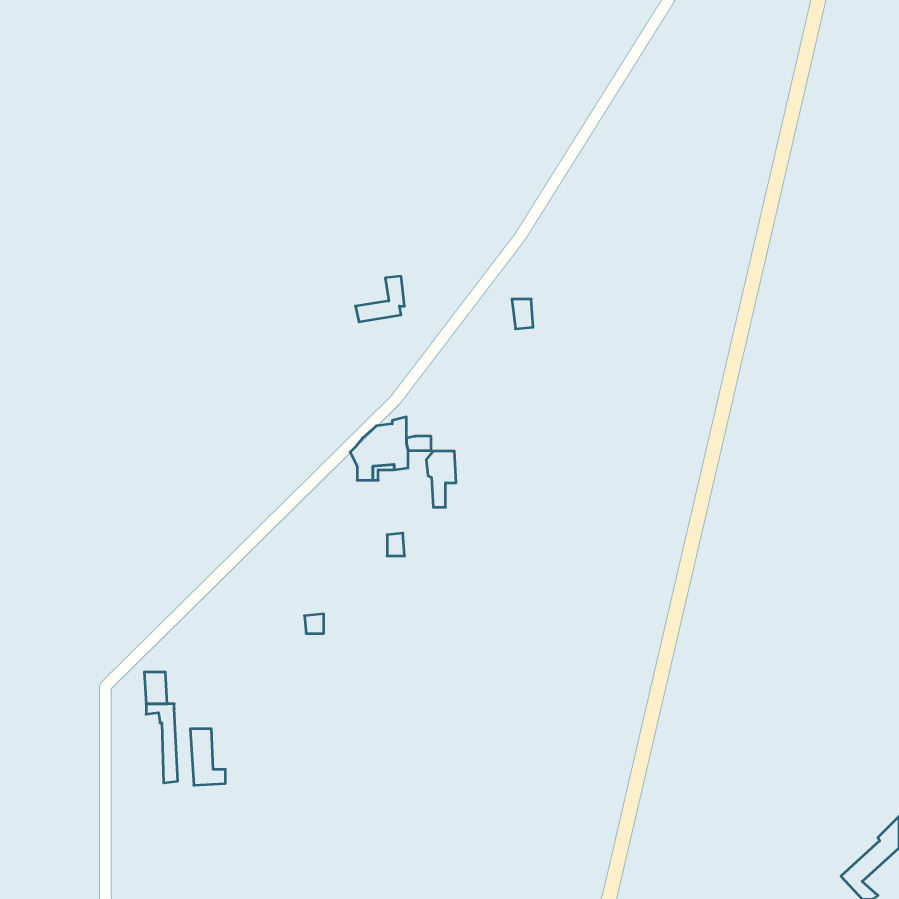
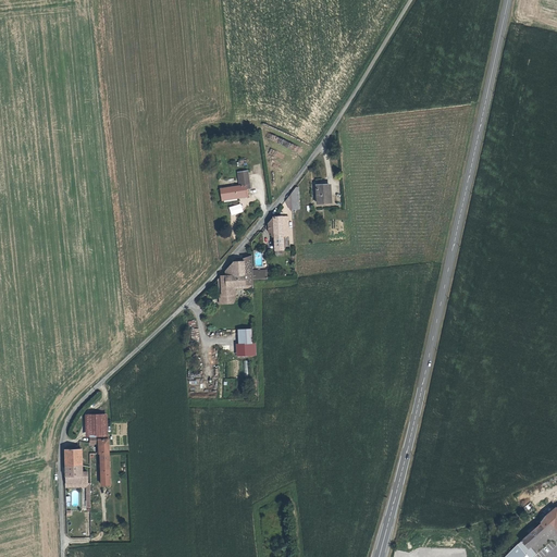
building: [426,451,456,507] -> [270,218,288,252]
building: [190,729,225,785] -> [65,447,87,482]

